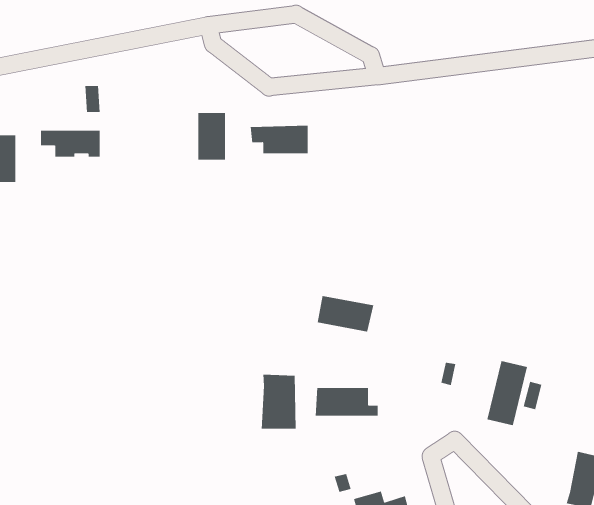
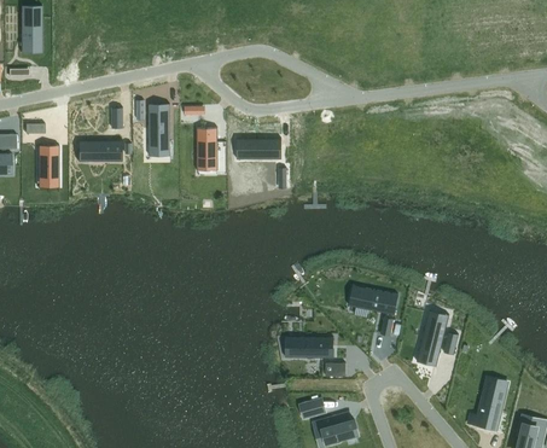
building: none -> [149,103,169,149]
building: [317,296,374,332] -> [355,286,398,314]
building: [261,374,296,430] -> none

